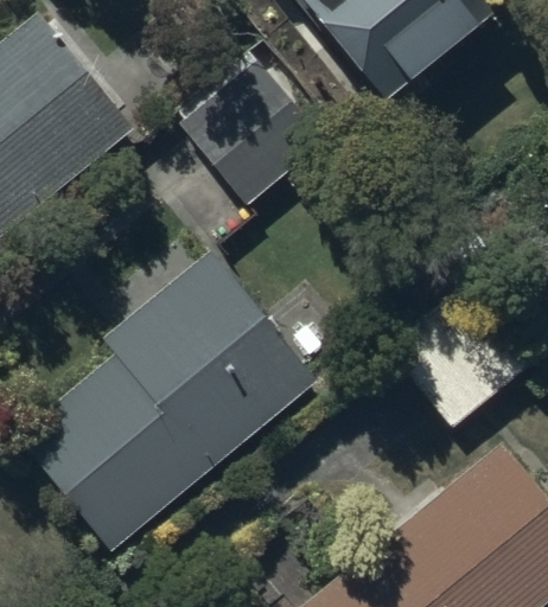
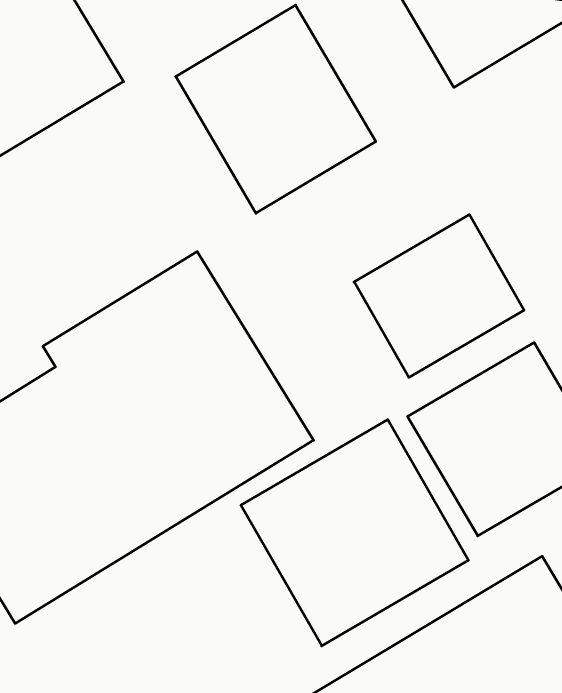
building: none -> [354,215,524,377]
building: none -> [241,420,468,646]

